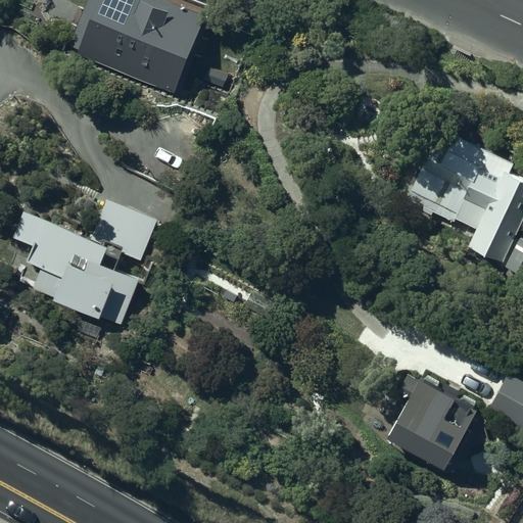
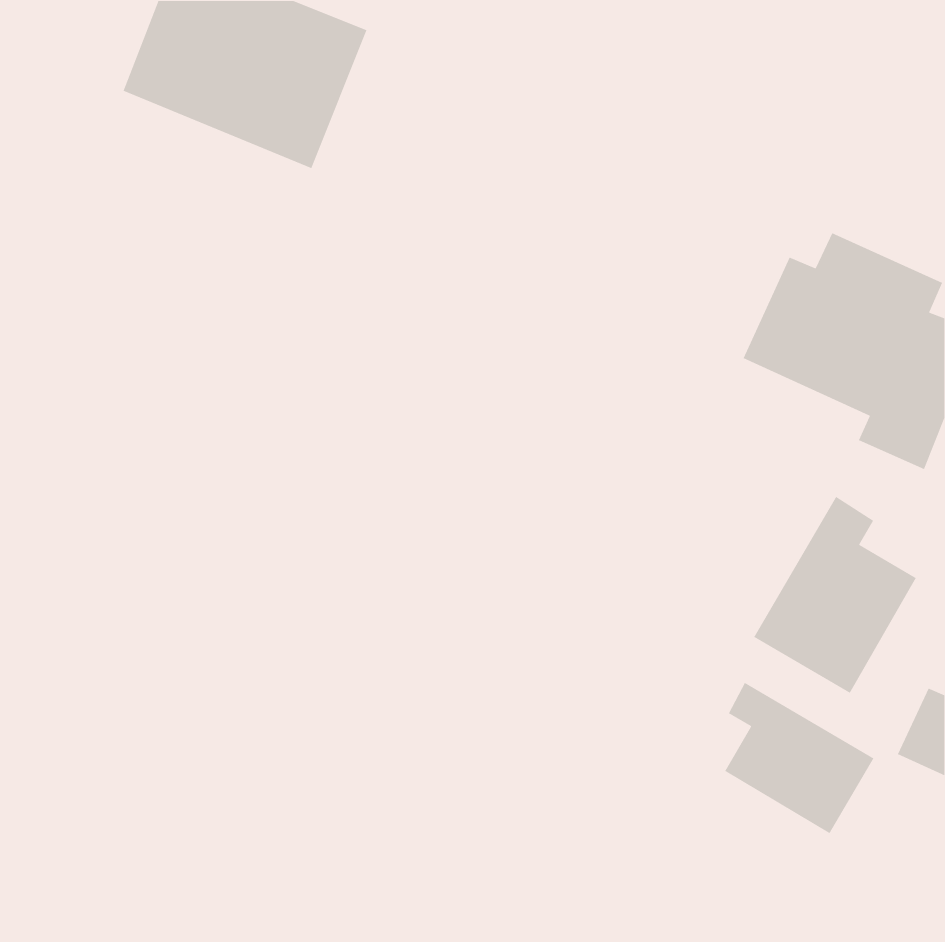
building: [14,199,156,324] -> none
building: none -> [753,496,917,694]

